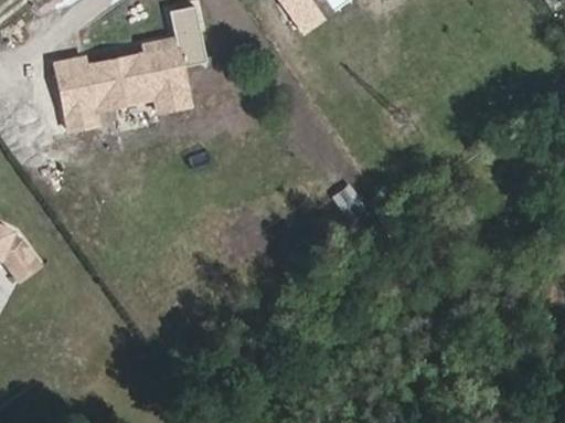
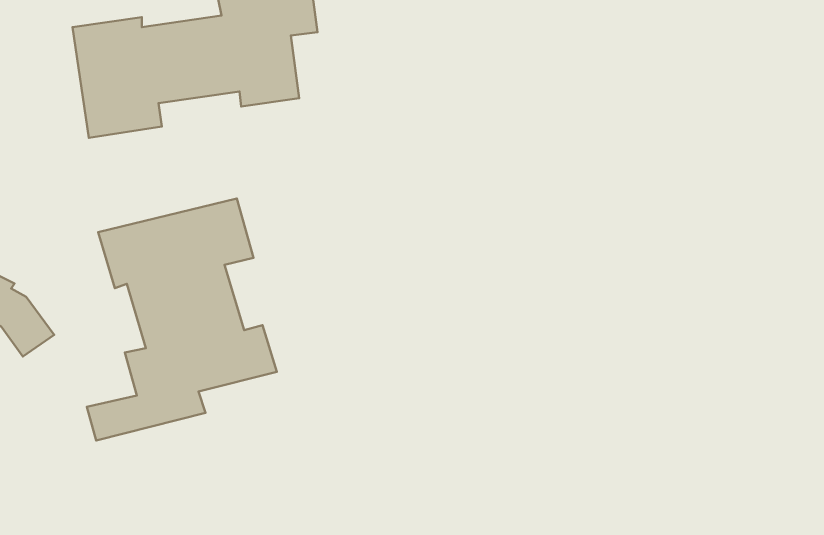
building: none -> [87,199,277,440]

